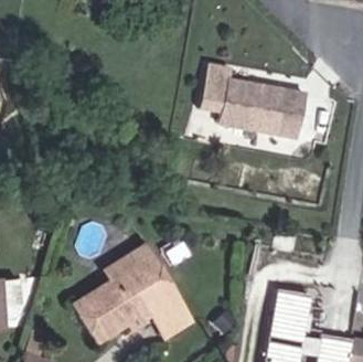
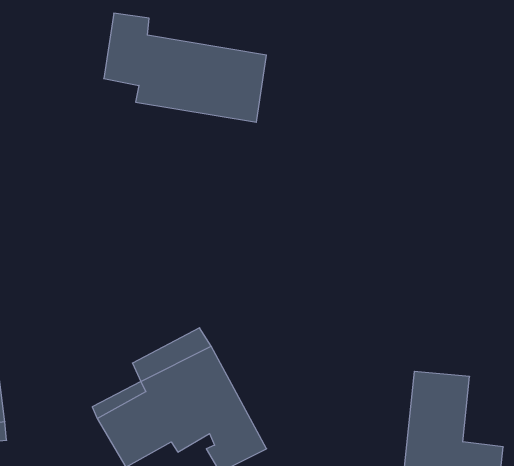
building: [201,72,308,143] -> [104,13,266,122]

